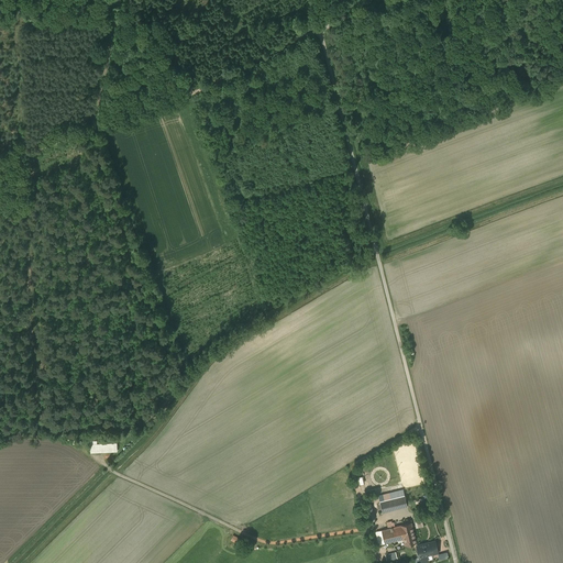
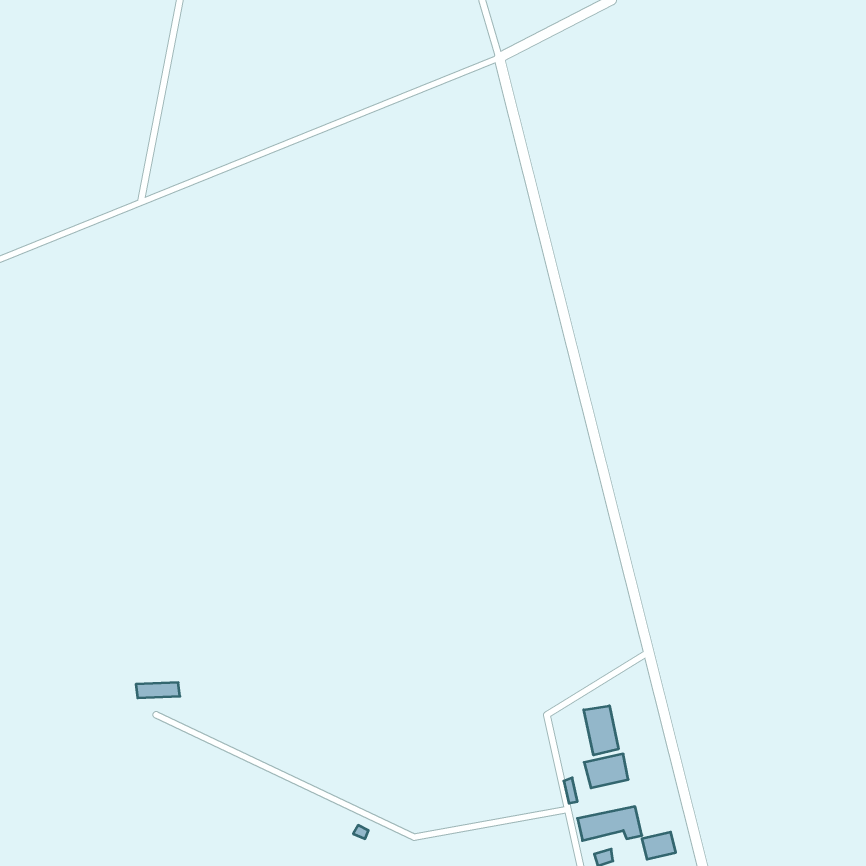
building: none -> [584,706,618,755]

